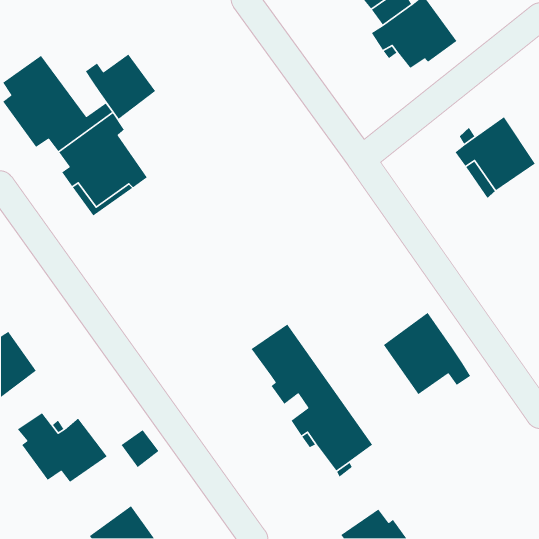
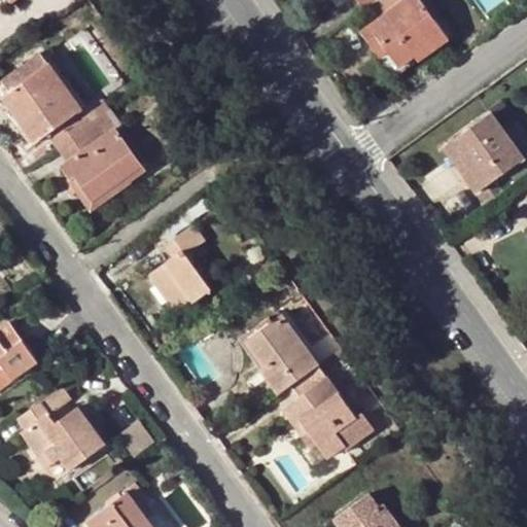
building: [85,53,156,120] -> none
building: none -> [148,225,209,310]
building: [383,312,471,395] -> none

